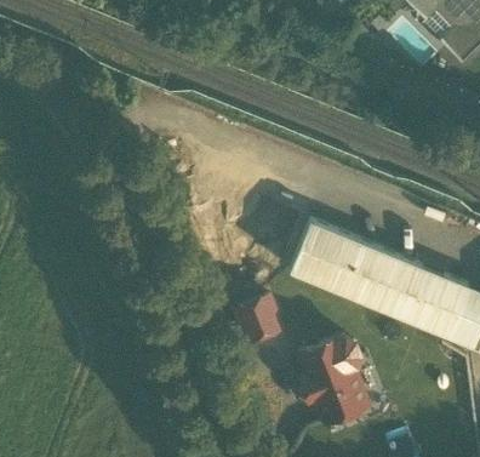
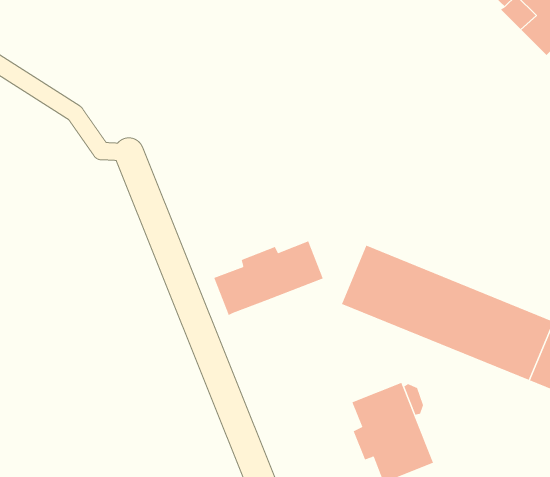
building: none -> [214,241,323,316]
building: [238,298,282,342] -> none

